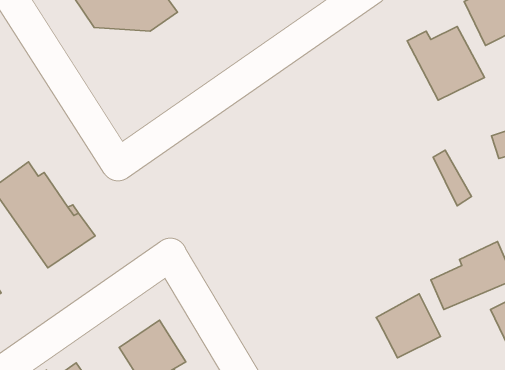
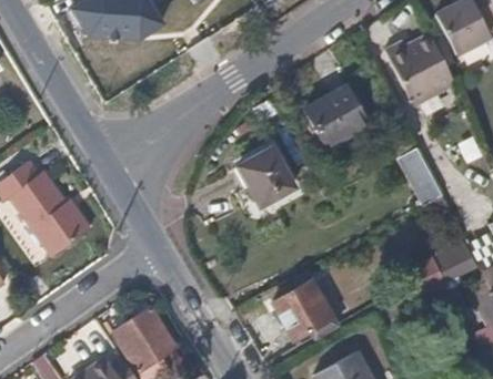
building: none -> [303,89,366,148]
building: none -> [235,151,291,207]
building: [376,294,440,358] -> [273,277,333,337]

